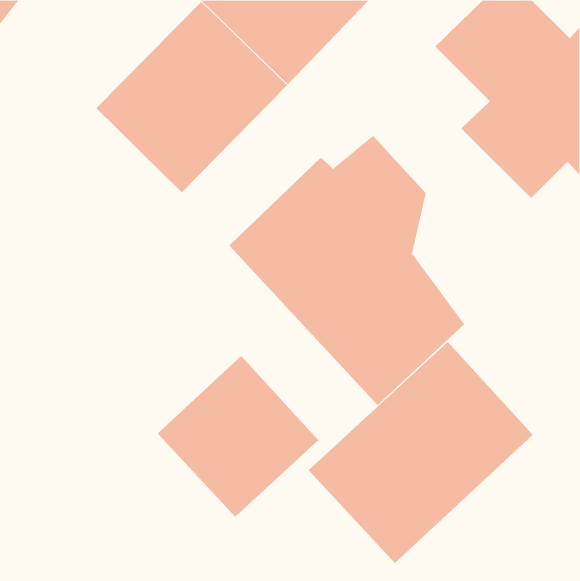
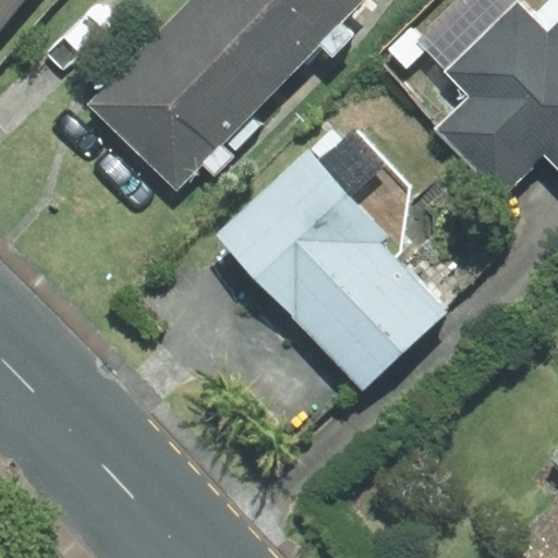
building: [308,341,533,564] -> none
building: [157,355,319,518] -> none

